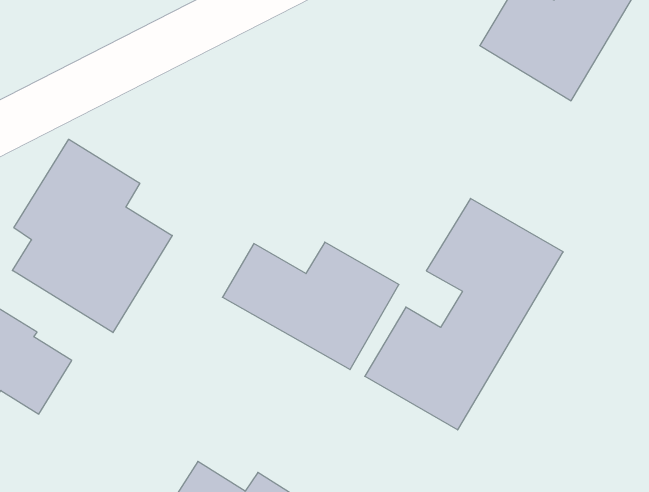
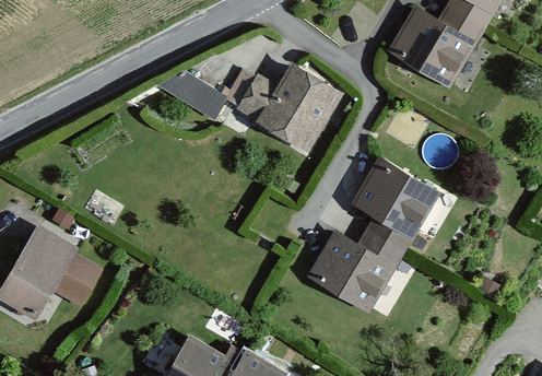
building: [12,139,172,333] -> none
building: [222,242,399,370] -> [220,64,342,153]

